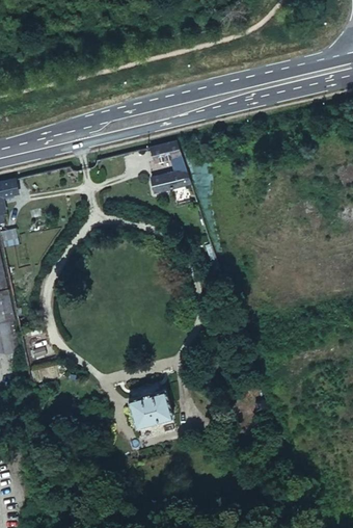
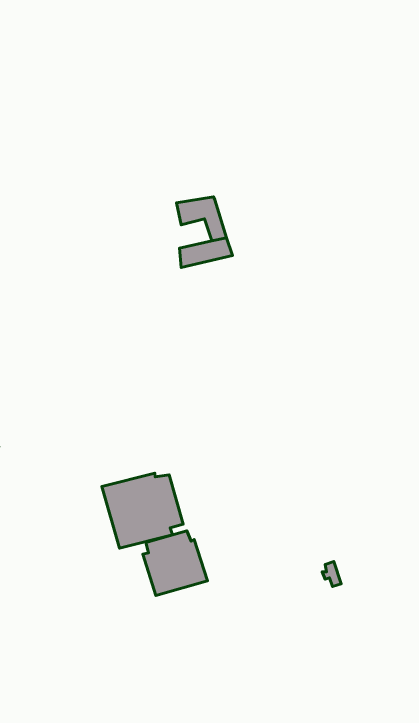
building: none -> [102,473,183,548]

